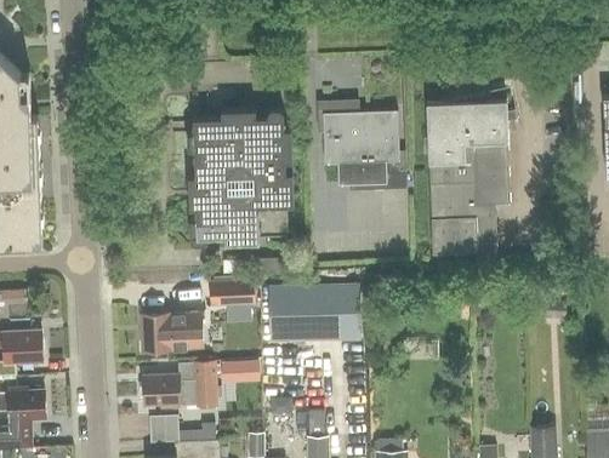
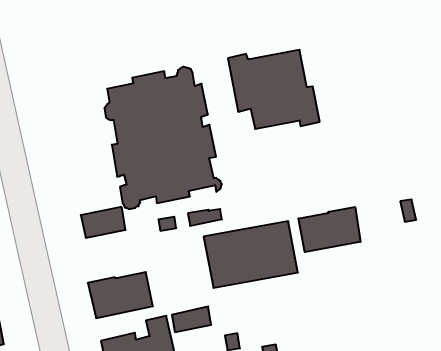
building: [426,93,517,265] -> none
building: [210,279,254,304] -> [81,207,126,238]
building: none -> [298,207,361,252]

